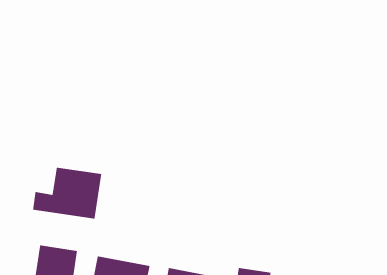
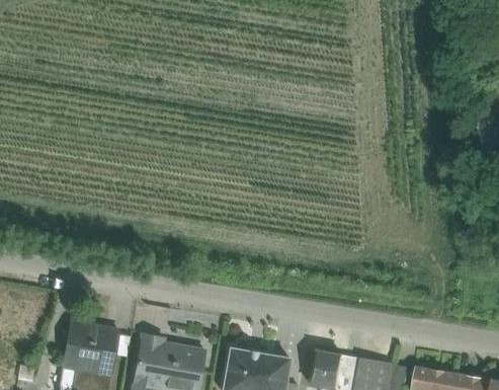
building: [32,167,102,219] -> none

